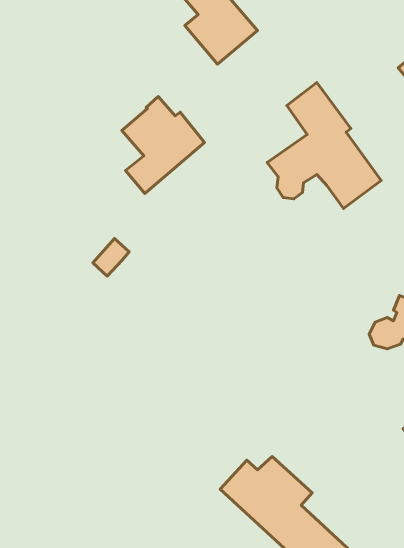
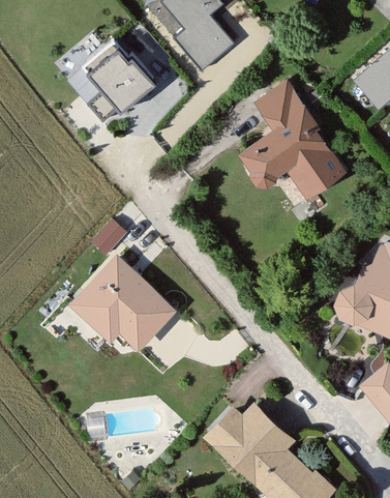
building: [122,97,204,193] -> [79,40,149,123]
building: none -> [78,259,174,344]

